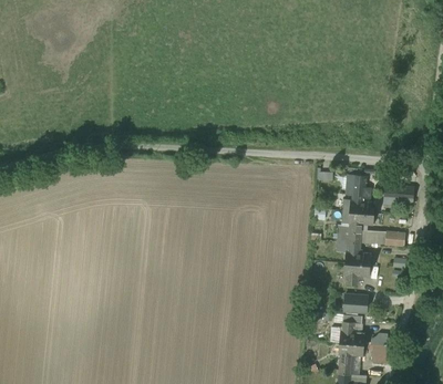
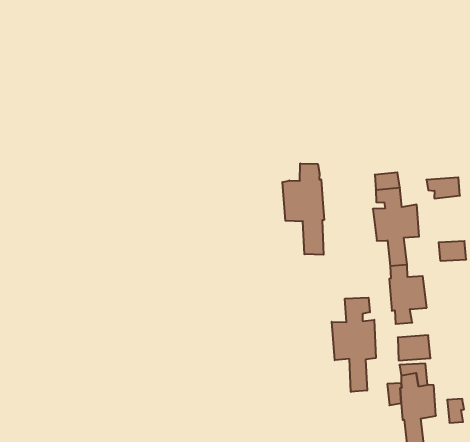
building: none -> [282,163,324,255]
building: none -> [332,298,376,392]

